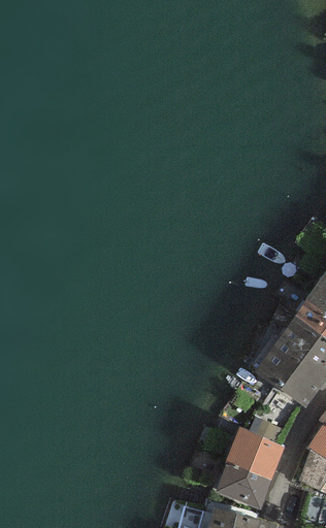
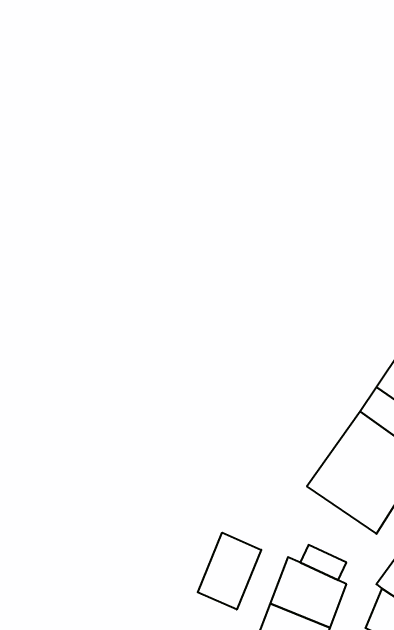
building: none -> [198,533,261,610]

